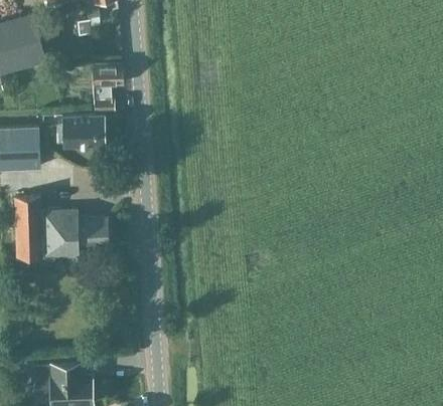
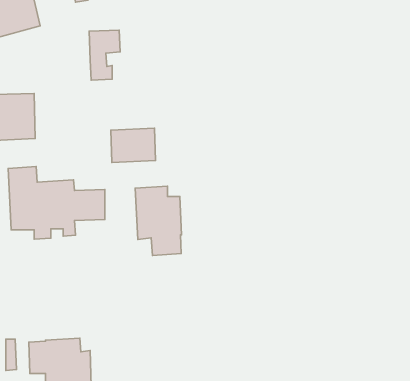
building: [61,115,105,148] -> [111,128,156,163]
building: none -> [135,186,181,255]

